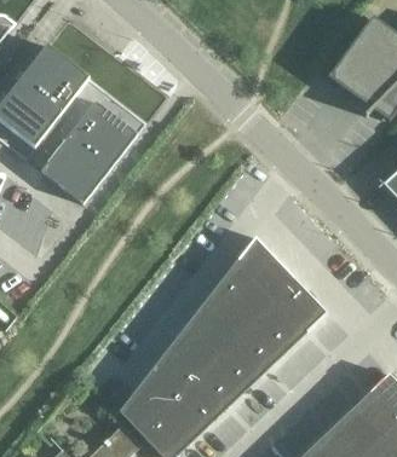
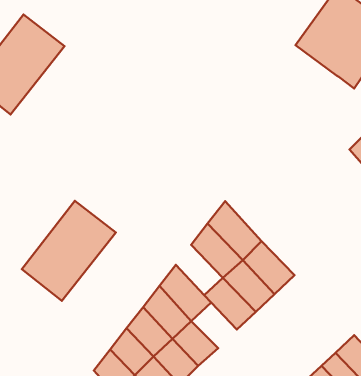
building: [41,100,138,203] -> [22,201,116,301]
building: [205,282,253,334] -> none
building: [220,341,267,388] -> none

